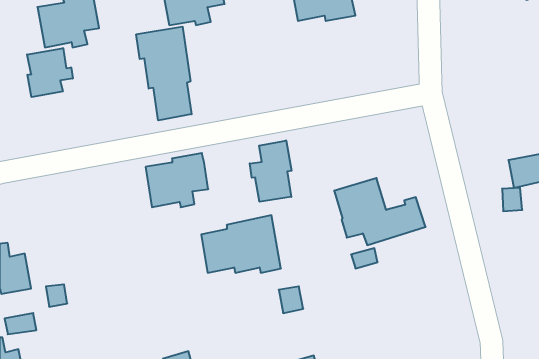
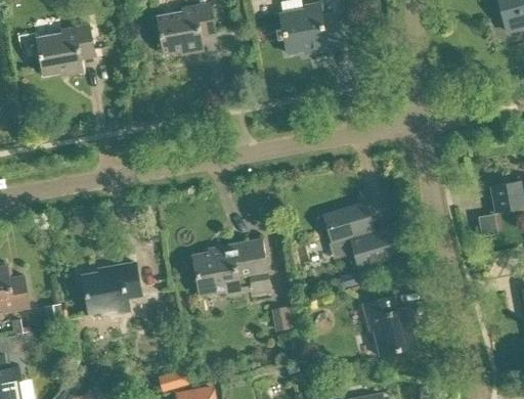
building: [136,27,192,120] -> none
building: [27,48,73,97] -> none
building: [250,140,292,202] -> none
building: [146,153,208,207] -> [83,262,143,314]
building: none -> [361,294,418,355]

